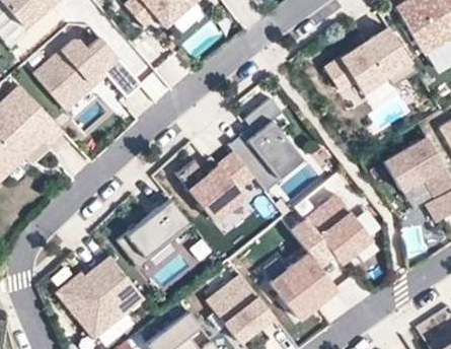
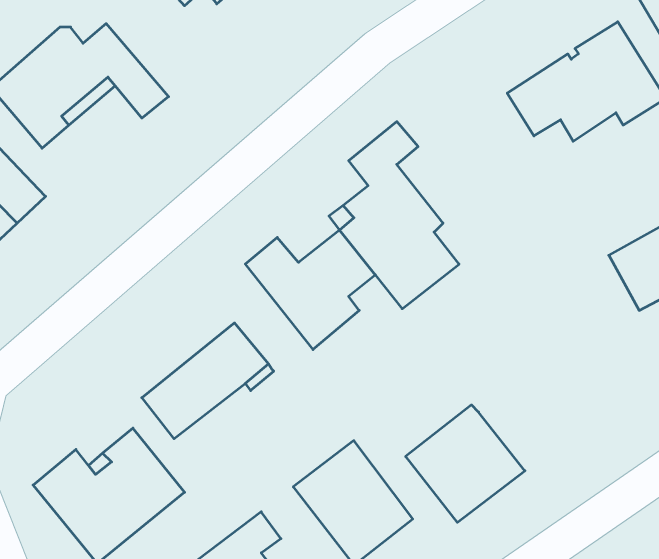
building: [289,191,373,263] -> none

